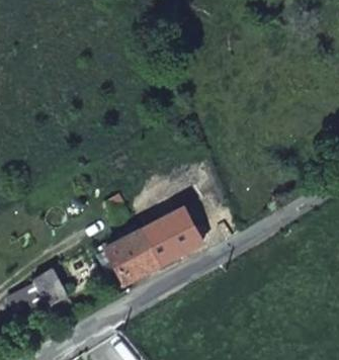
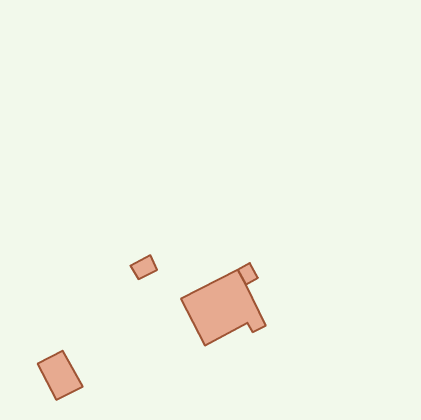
building: [105,222,160,283] -> none

